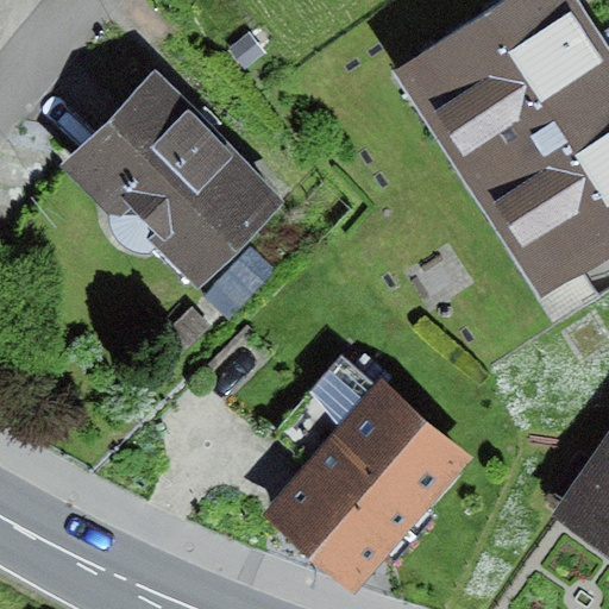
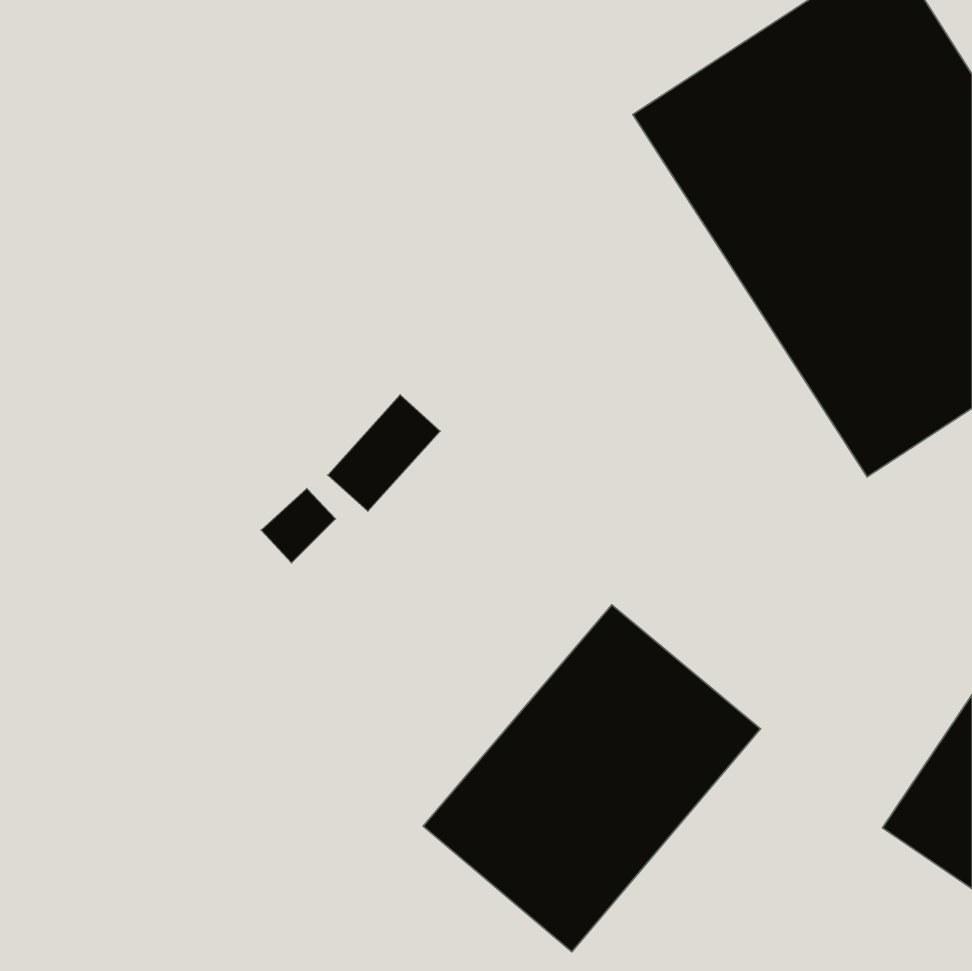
building: [69,76,287,290] -> none

